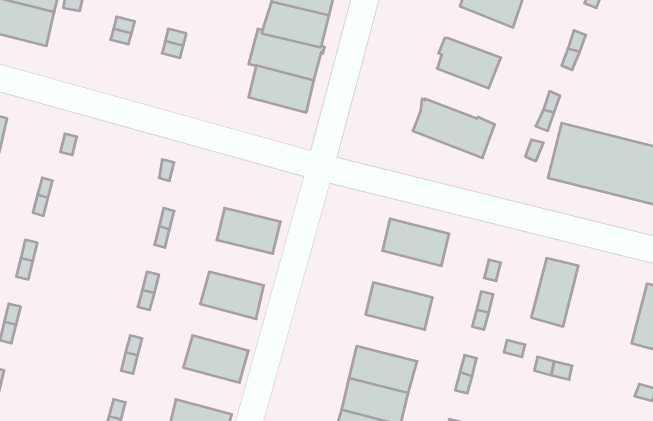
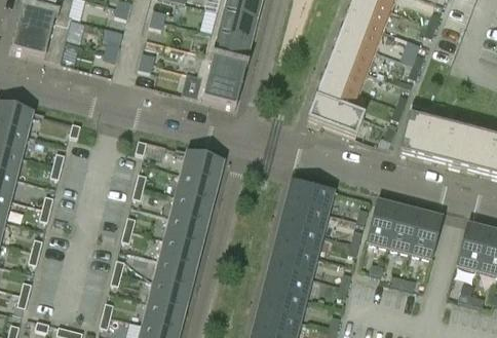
building: none -> [332,35,376,70]
building: none -> [316,77,359,111]
building: none -> [181,150,225,181]
building: none -> [170,193,214,224]
building: none -> [366,199,398,246]
building: none -> [281,200,328,232]
building: none -> [410,211,443,257]
building: none -> [159,236,202,268]
building: none -> [270,243,316,275]
building: none -> [148,279,191,311]

